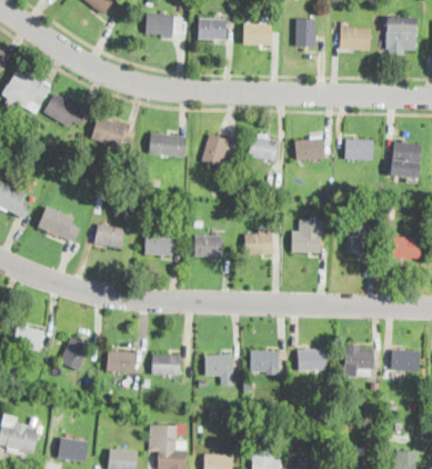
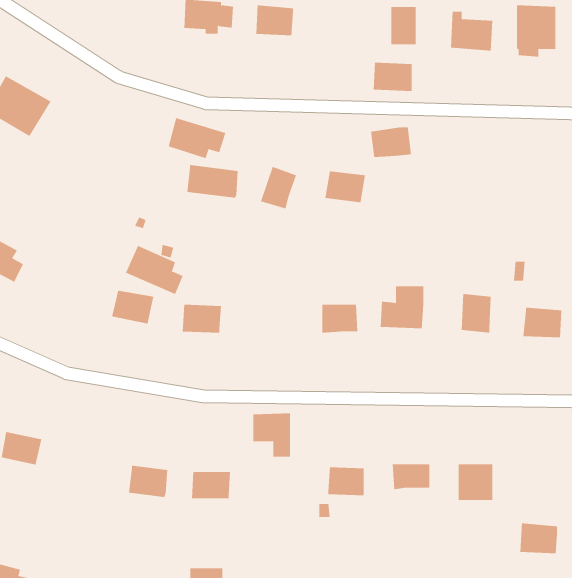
building: [243,23,272,44] -> [373,62,413,91]
building: [44,92,88,126] -> none
building: [92,117,134,147] -> [168,117,226,159]
building: [294,138,324,160] -> [370,127,412,158]
building: [345,139,373,160] -> none
building: [391,141,422,179] -> none
building: [38,206,80,241] -> [125,245,184,294]
building: [195,236,222,256] -> none
building: [61,336,90,369] -> none
building: [392,349,420,371] -> [520,523,558,554]
building: [205,353,233,386] -> [253,413,291,457]

